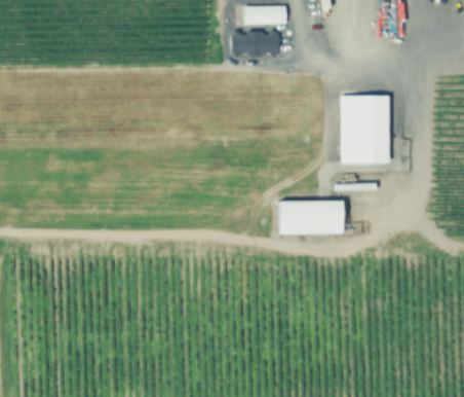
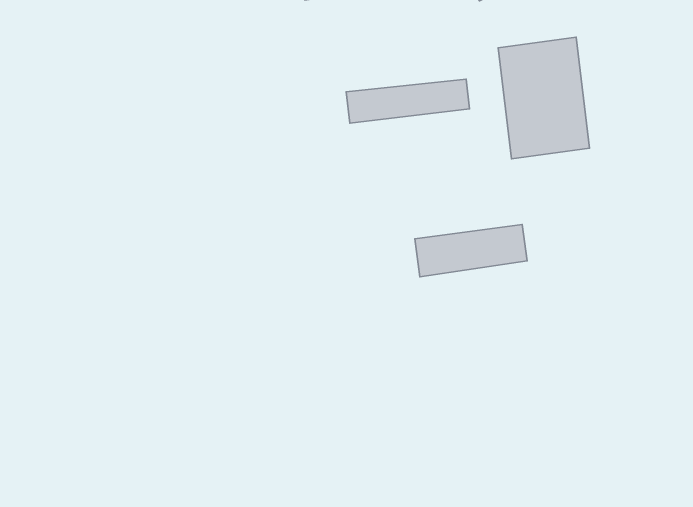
building: none -> [346,79,470,123]

